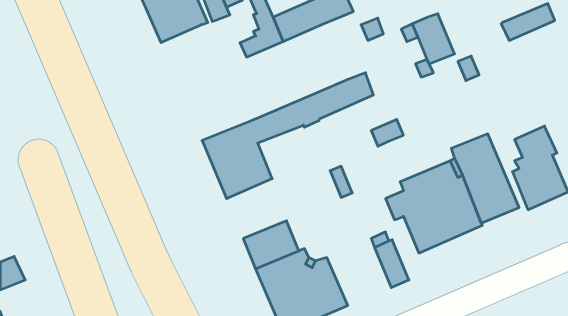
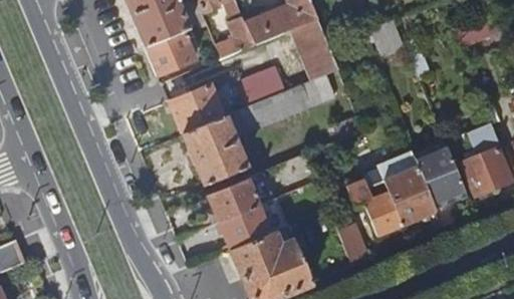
building: none -> [292,19,339,80]
building: none -> [146,31,192,77]
building: none -> [240,69,286,108]
building: none -> [170,86,225,135]
building: none -> [208,171,278,224]

